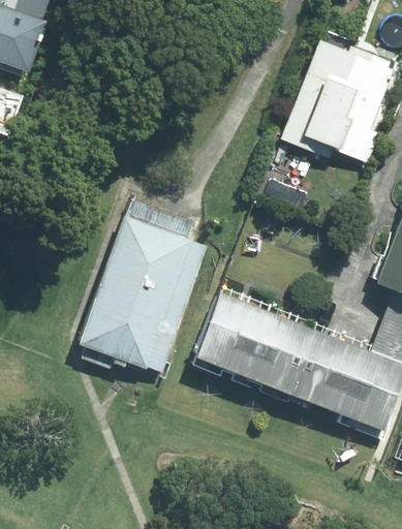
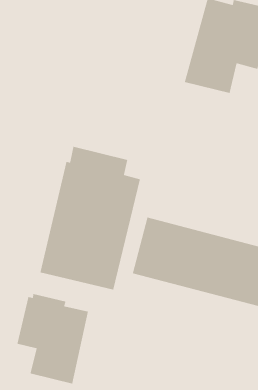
building: none -> [16,293,89,385]

